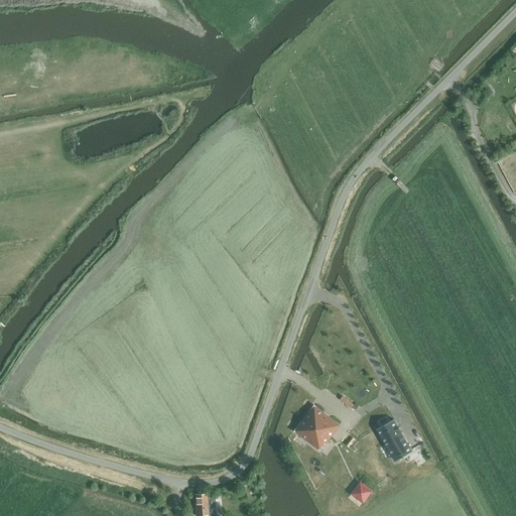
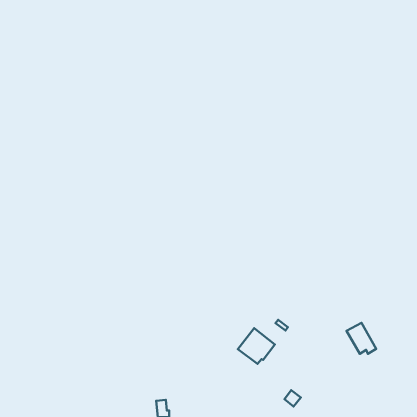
building: [375,419,411,458] -> [347,323,376,354]

